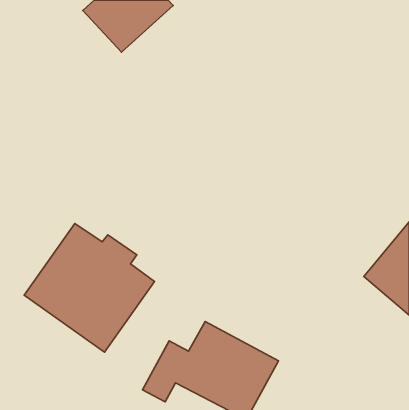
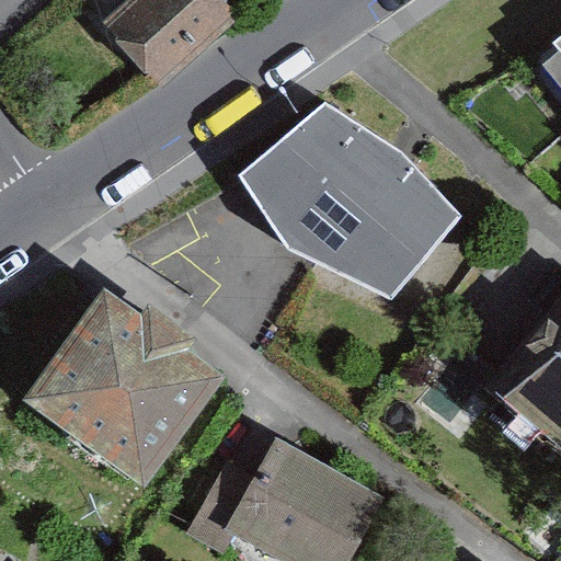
building: none -> [241,106,456,299]

